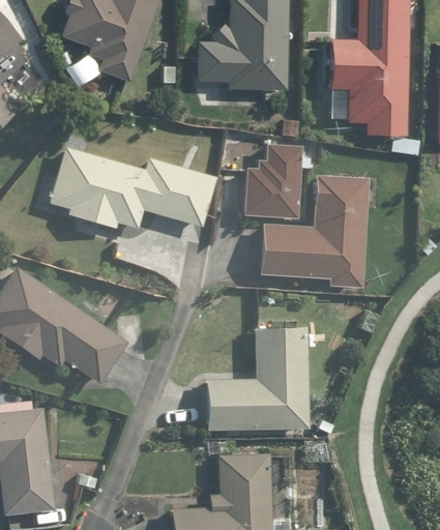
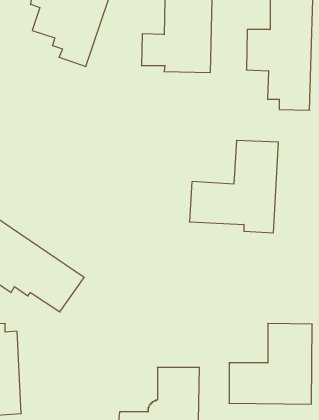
building: [46,143,219,231] -> none
building: [244,147,299,218] -> none
building: [208,331,311,431] -> [229,323,312,404]

